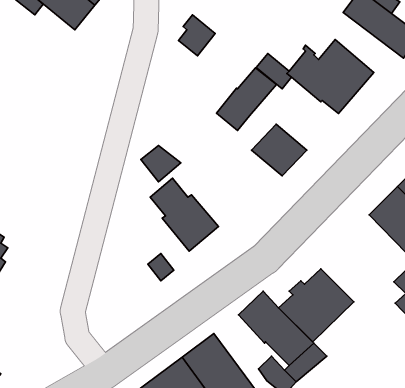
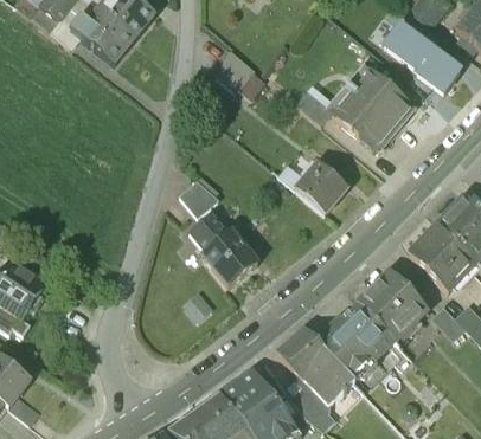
building: [217,68,277,131] -> none
building: none -> [358,269,428,338]

